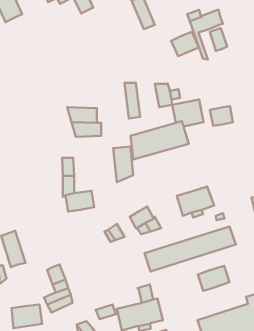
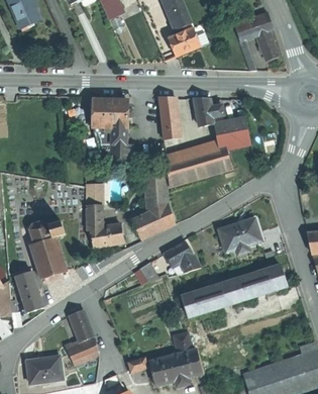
building: [171,32,199,56] -> [170,30,202,59]
building: none -> [92,100,126,127]
building: [210,106,233,126] -> none
building: none -> [132,205,174,239]
building: none -> [29,220,67,280]
building: [198,266,229,291] -> none

